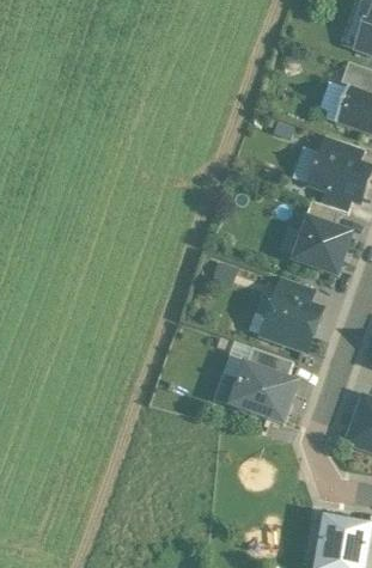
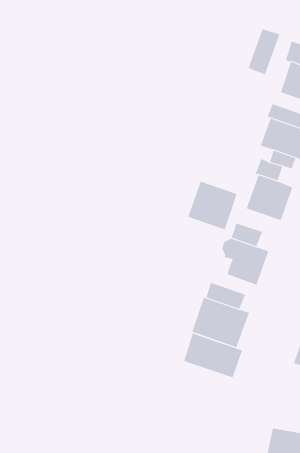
building: none -> [248,28,280,75]
building: none -> [187,181,237,231]
building: none -> [183,332,243,378]

